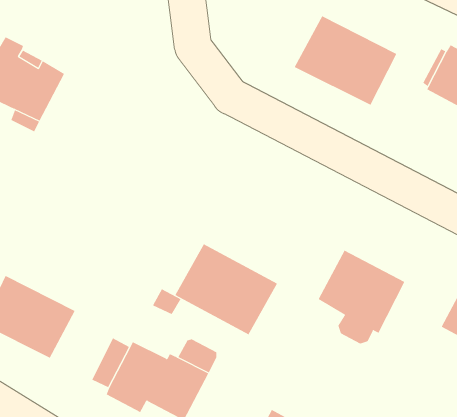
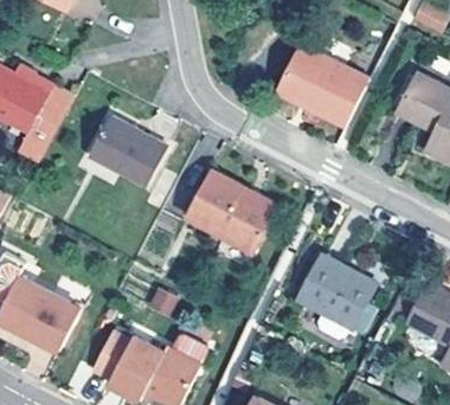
building: none -> [88,116,167,186]
building: [175,244,278,335] -> [185,171,277,252]

